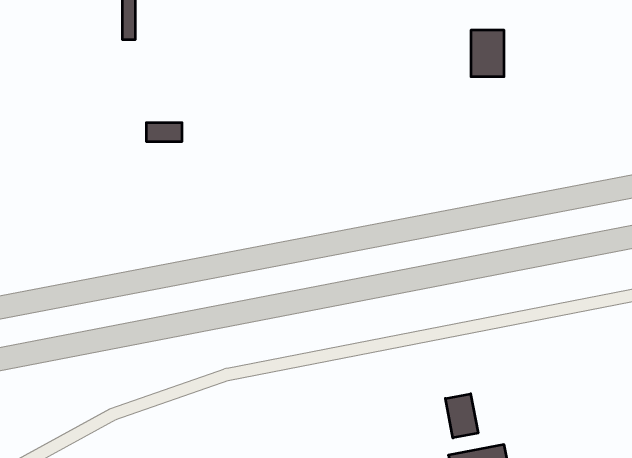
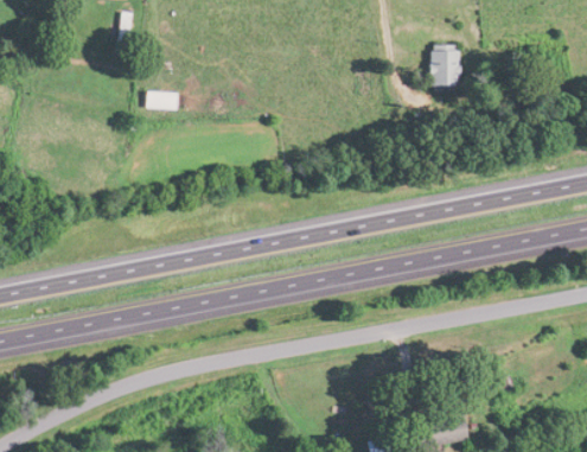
building: [146,123,182,141] -> [146,93,178,109]
building: [445,394,478,438] -> none

